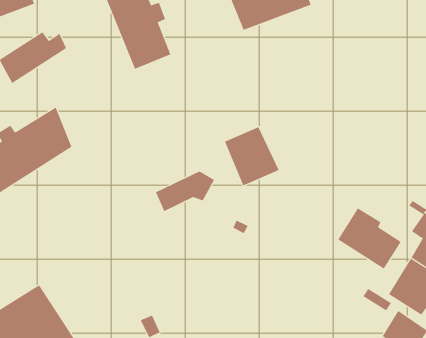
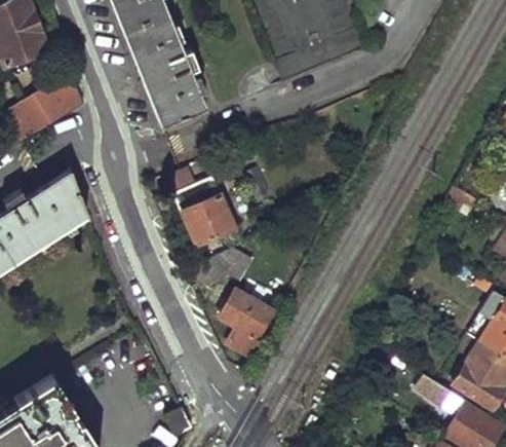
building: [224,127,279,186] -> [176,175,239,244]
building: [338,208,401,270] -> none
building: none -> [220,293,271,353]

